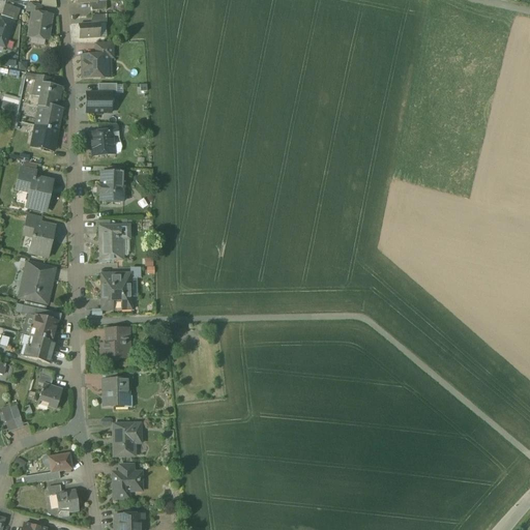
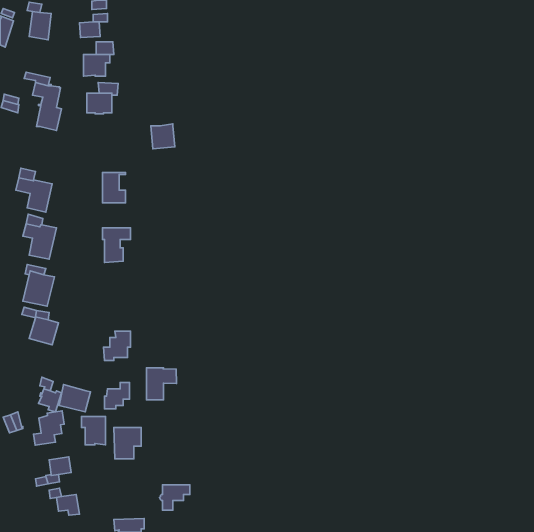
building: [32,125,56,149] -> none
building: [90,129,114,154] -> [151,124,175,149]
building: [101,273,131,308] -> none
building: [25,335,56,362] -> [59,385,91,412]
building: none -> [146,368,177,400]
building: none -> [34,411,64,445]
building: none -> [81,417,106,445]
building: [110,472,140,497] -> [159,485,190,510]

